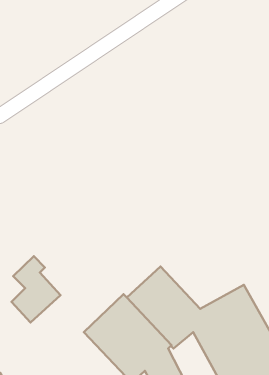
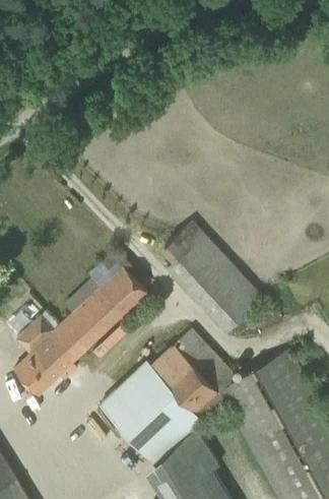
building: none -> [164,223,262,332]
building: none -> [48,267,146,363]

